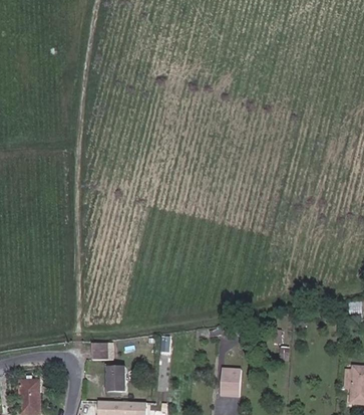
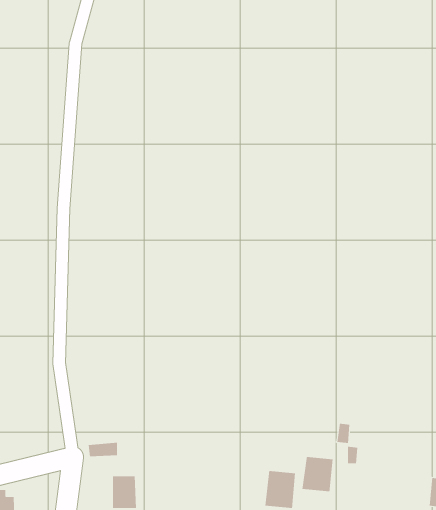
building: none -> [302,456,333,492]

